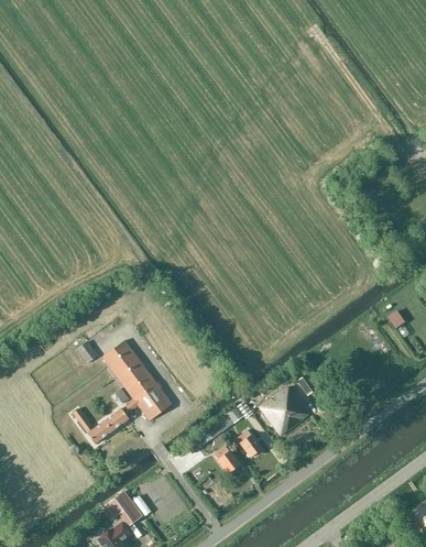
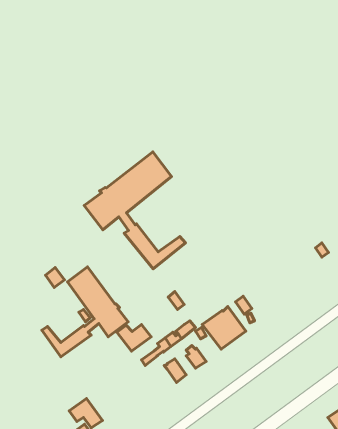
building: none -> [84,152,185,269]
building: none -> [117,325,151,351]

